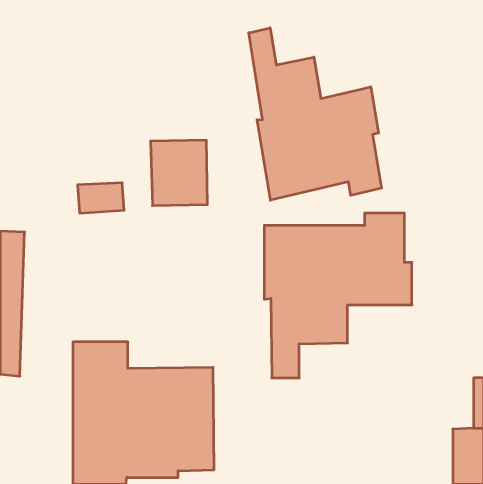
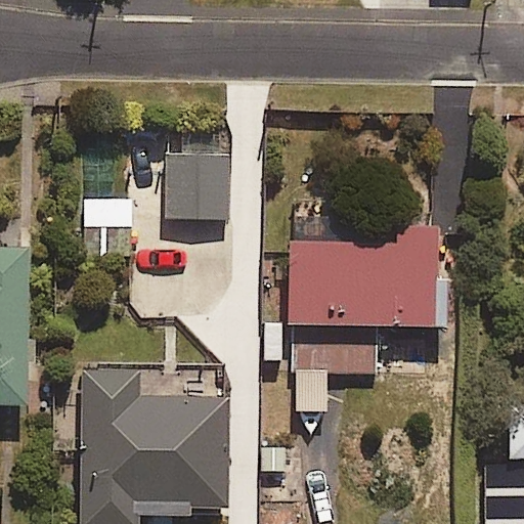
building: [249,28,382,200] -> none

